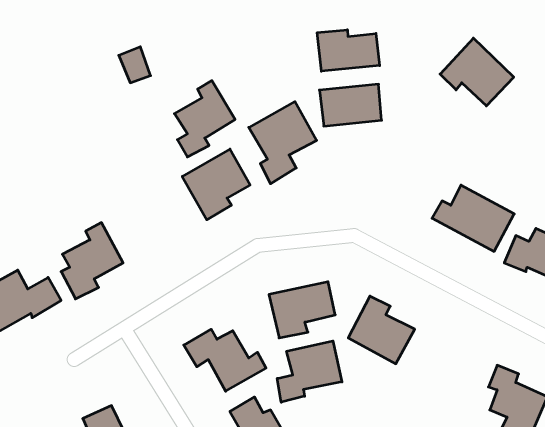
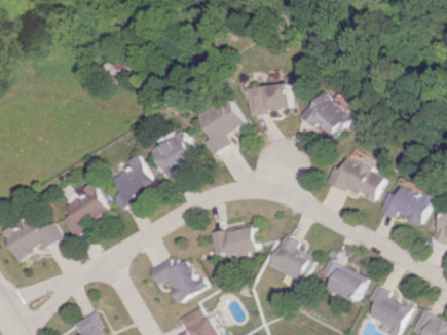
building: [317,30,380,71] -> none
building: [440,38,514,106] -> [300,89,352,138]
building: [174,81,235,157] -> [109,154,152,209]
building: none -> [319,259,364,301]
building: [277,341,342,402] -> none

